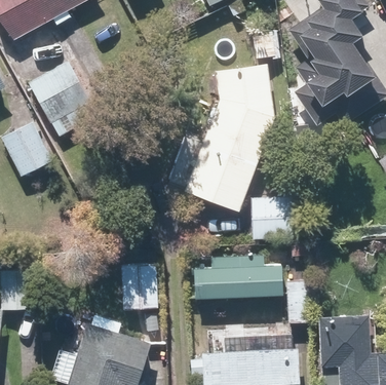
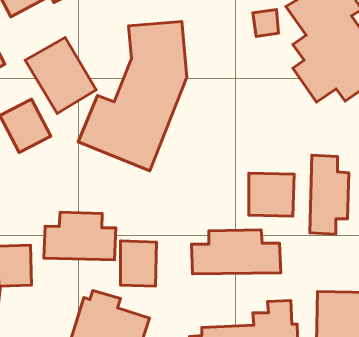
building: [165,63,274,211] -> [78,22,187,171]
building: none -> [310,155,349,234]
building: none -> [44,212,116,260]

